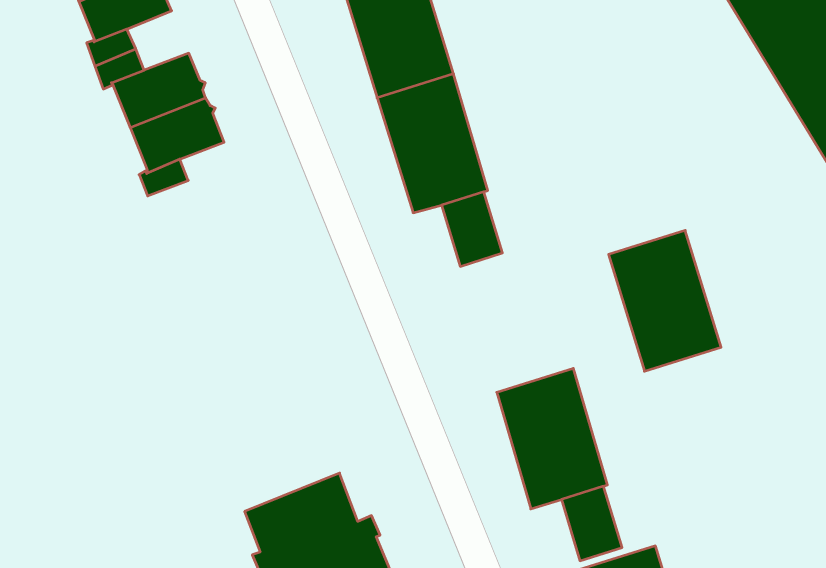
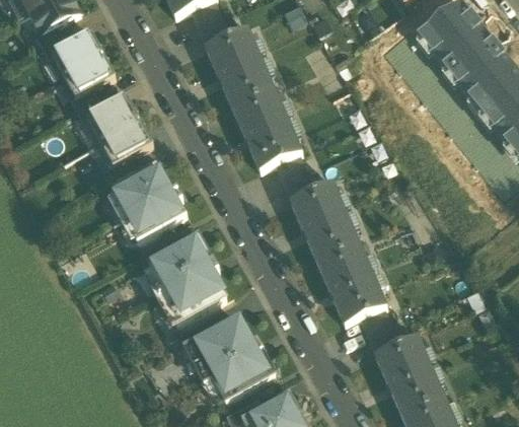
building: none -> [108,162,183,237]
building: [609,230,721,371] -> [289,179,357,259]
building: none -> [146,231,223,319]

